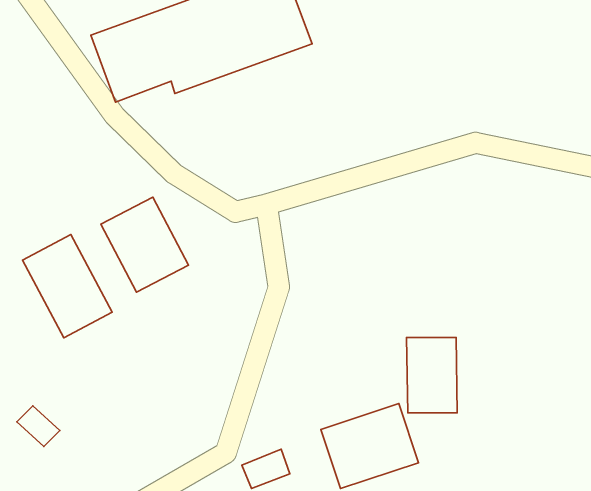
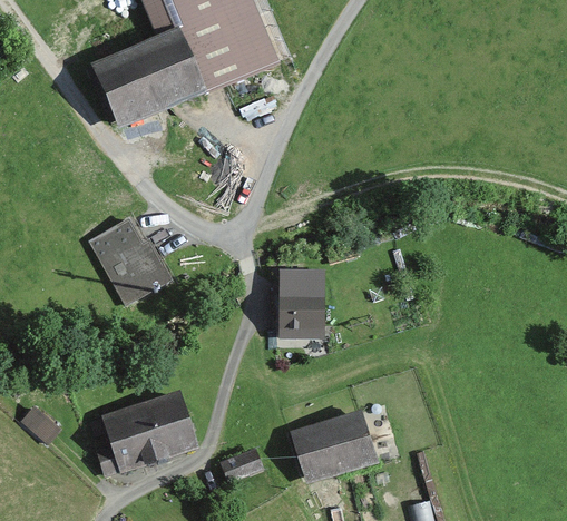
building: [23,234,112,338] -> none
building: [407,337,457,413] -> [278,266,324,334]
building: none -> [94,389,196,474]

